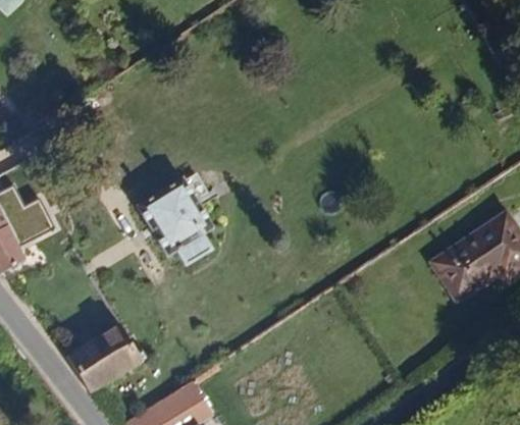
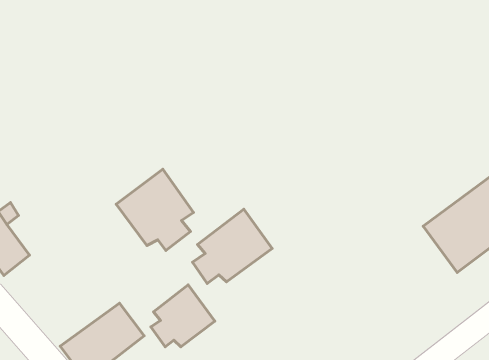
building: none -> [192,209,272,284]
building: none -> [151,285,215,347]

